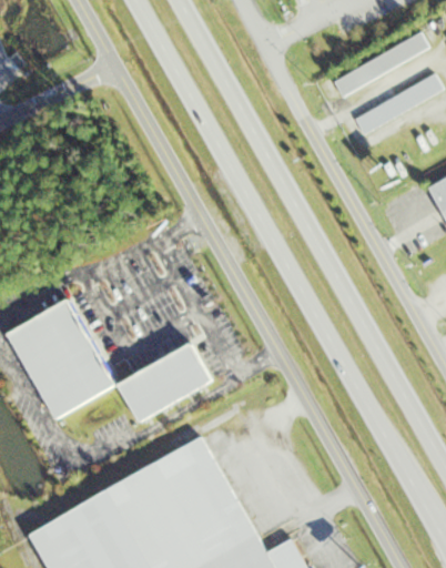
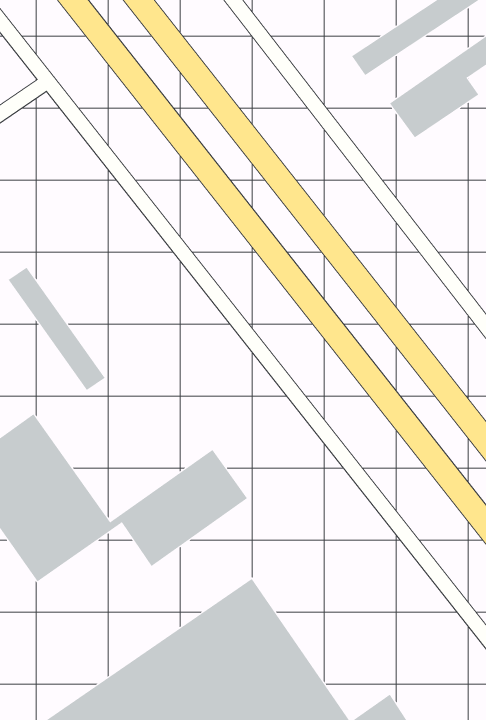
building: none -> [8,267,106,391]

